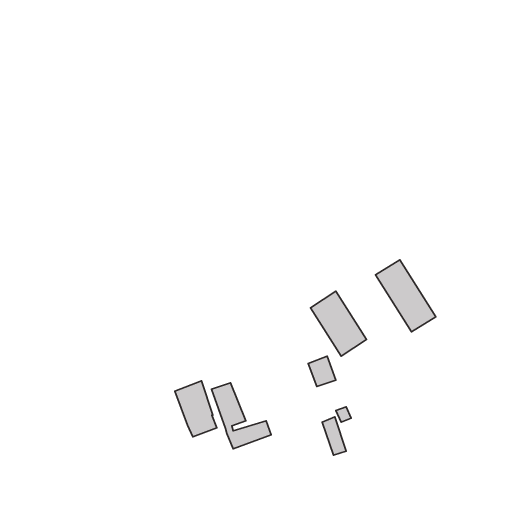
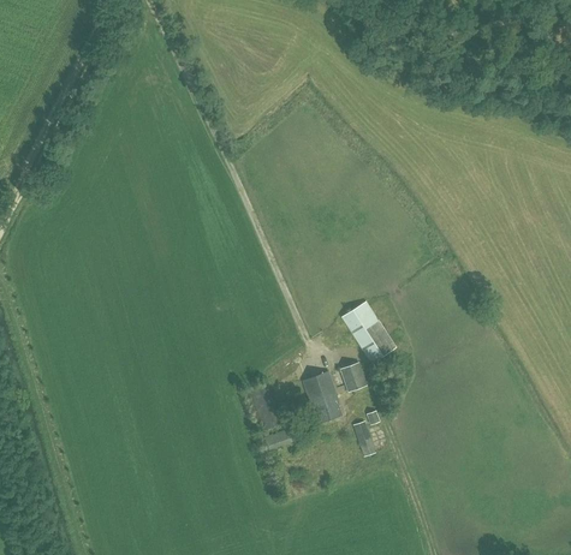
building: [375,260,436,332] -> none
building: [175,381,217,437] -> [302,370,341,423]

